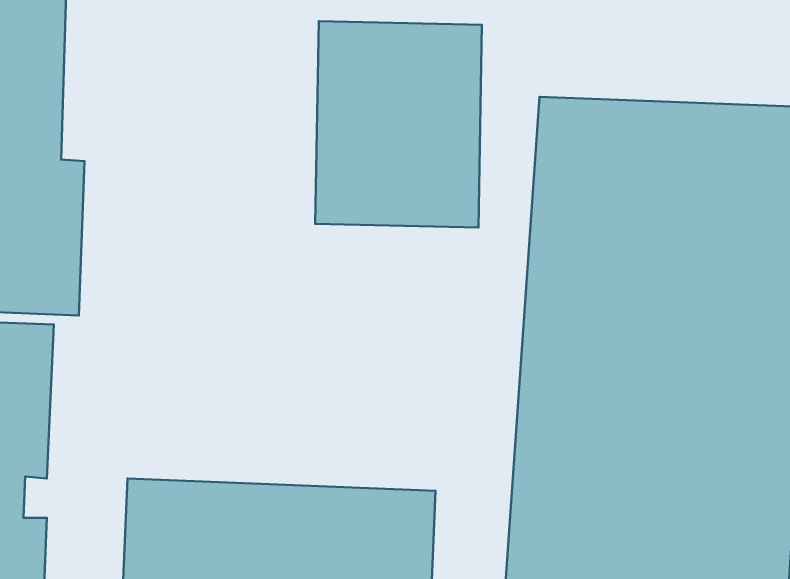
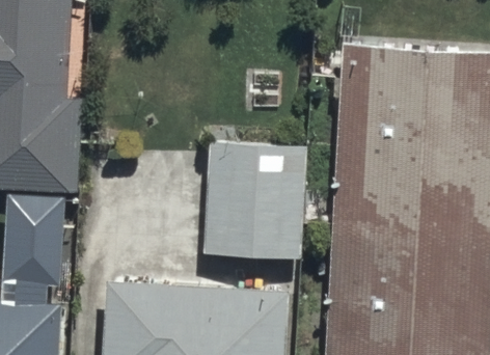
building: [315,21,482,227] -> [206,140,302,260]

